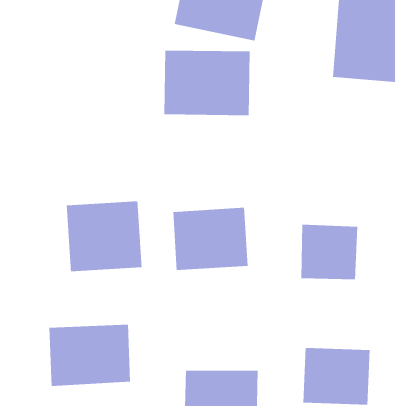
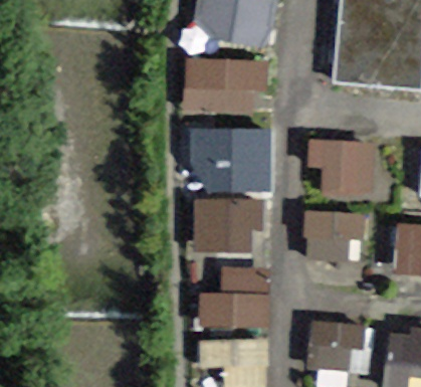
building: none -> [206,129,273,185]
building: none -> [315,139,374,197]
building: [66,200,142,272] -> none
building: [48,324,131,386] -> [196,274,269,330]

